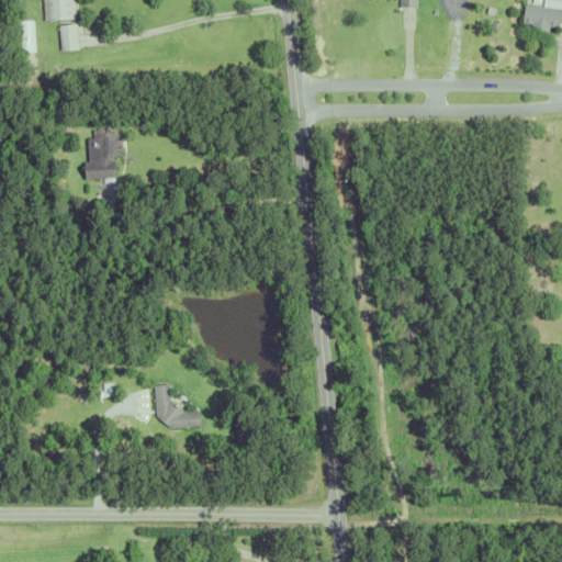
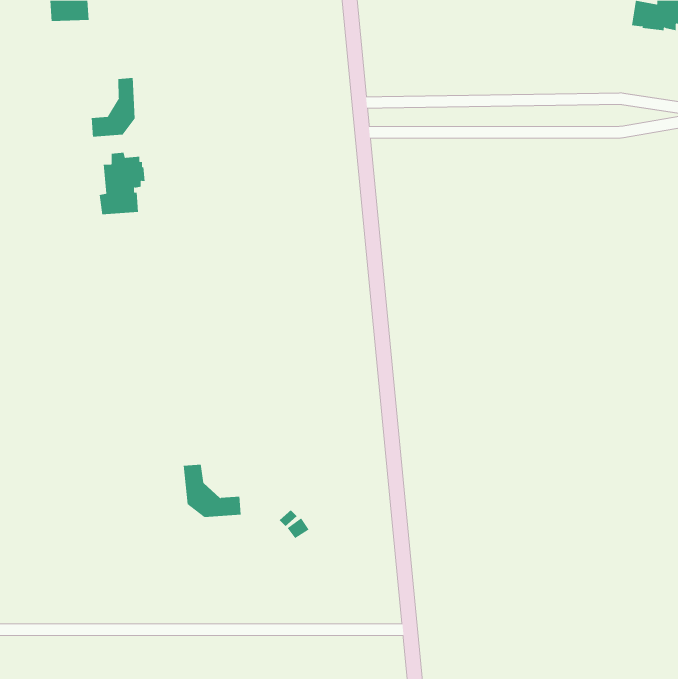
building: [59,23,79,49] -> none
building: none -> [91,77,135,137]

